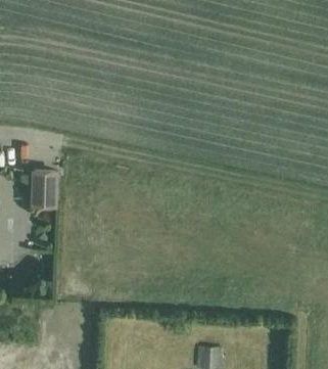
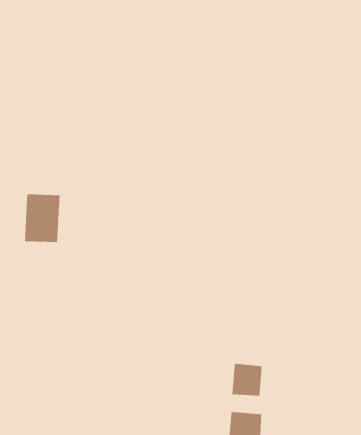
building: none -> [232,363,262,397]

